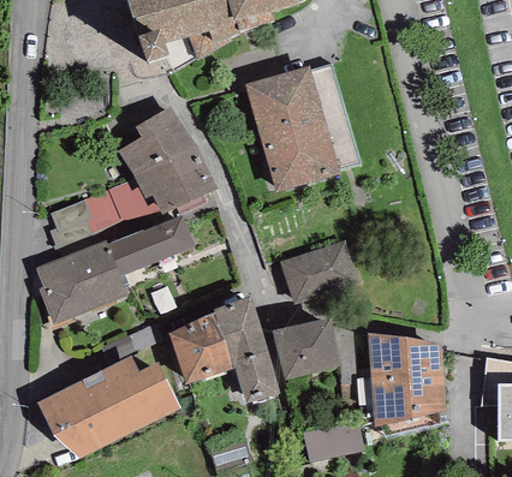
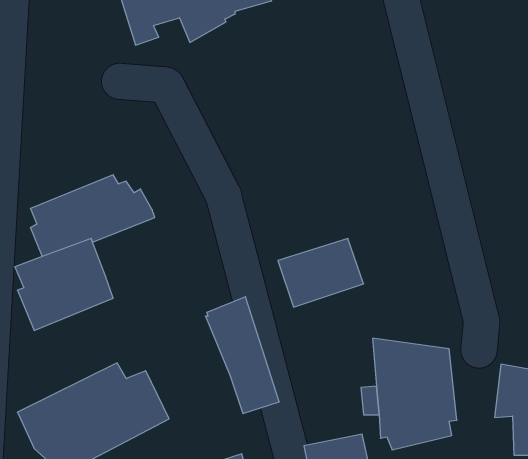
building: [244,64,361,192] -> none
building: [118,106,216,214] -> none
building: [107,215,195,275] -> none
building: [168,312,234,383] -> none
building: [272,317,340,380] -> none

